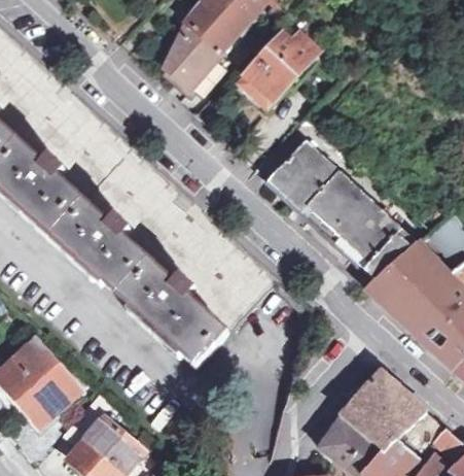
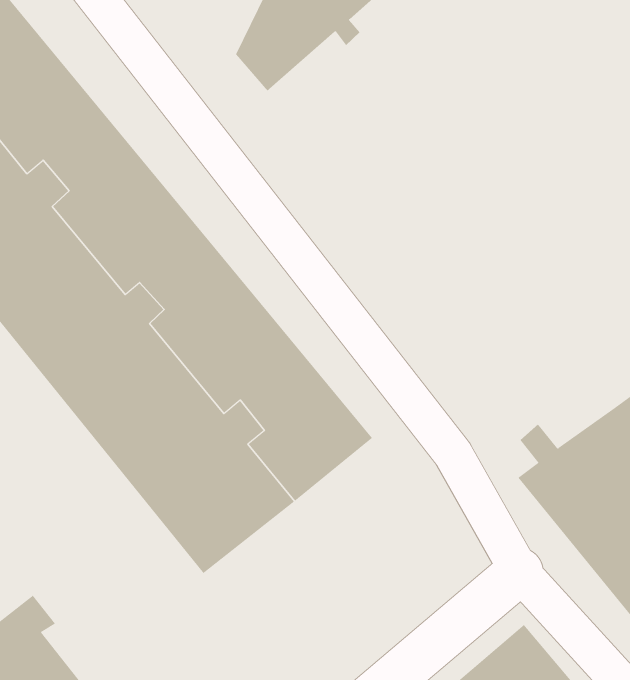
building: [239,35,312,112] -> none
building: [266,140,416,270] -> none

